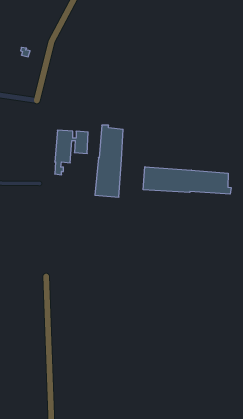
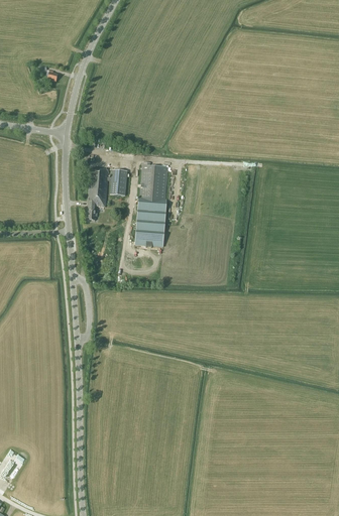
building: [143,167,231,194] -> none

